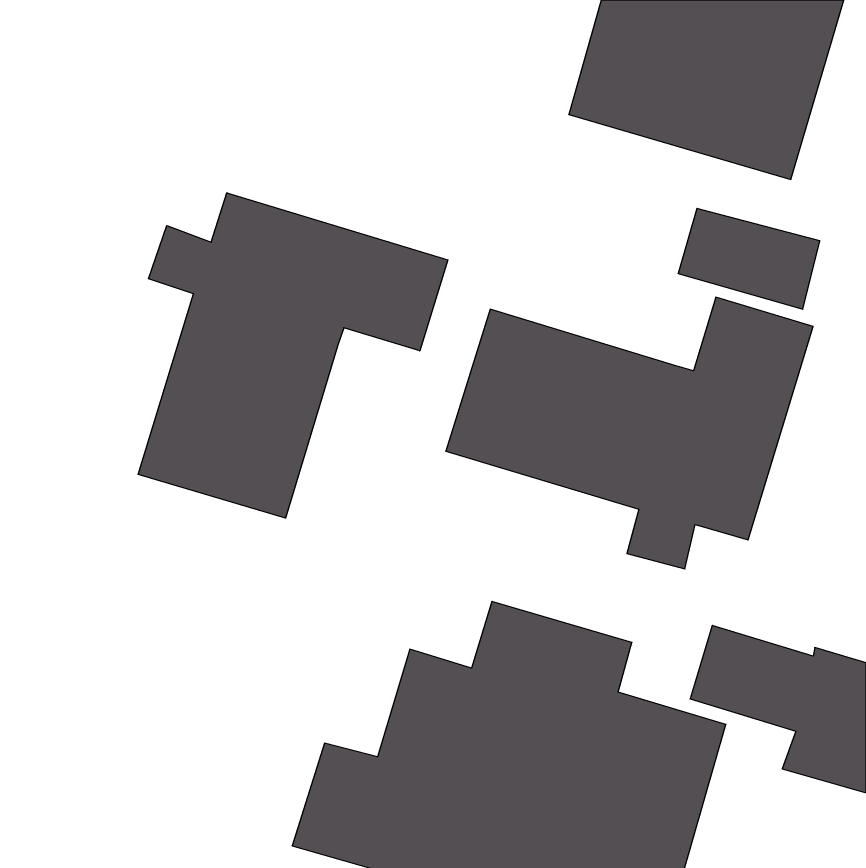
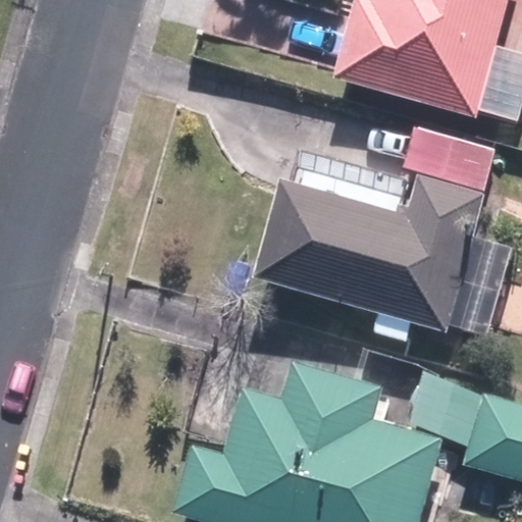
building: [138,193,448,518] -> none

